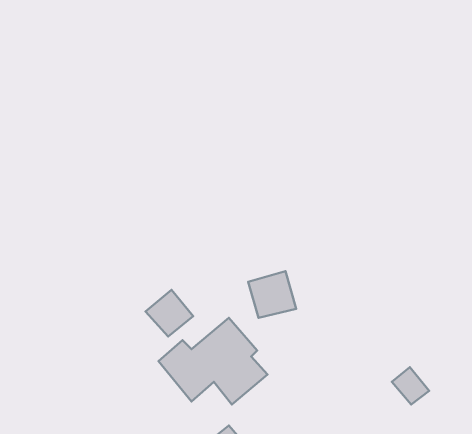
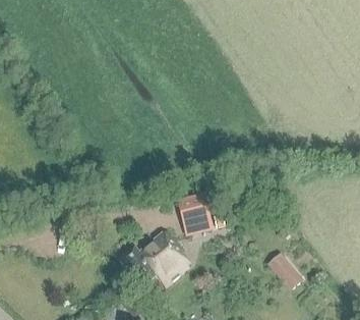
building: [146,290,193,337] -> none

